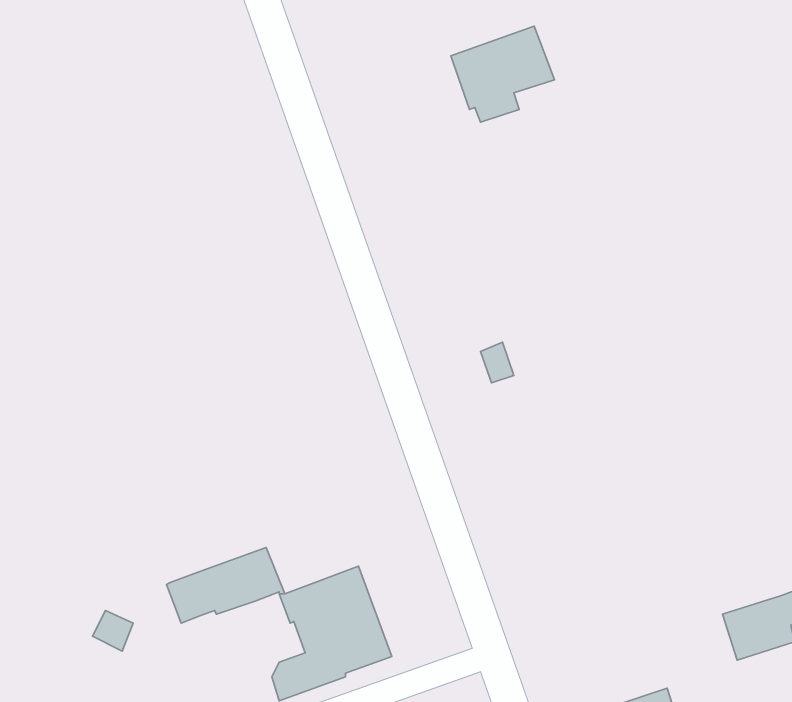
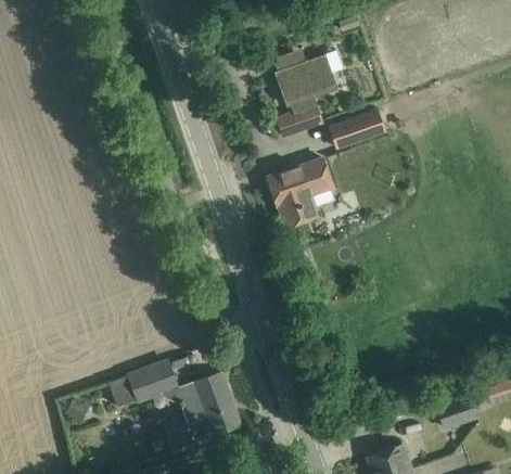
building: none -> [276,103,322,136]
building: none -> [330,110,384,148]
building: none -> [267,157,333,225]

